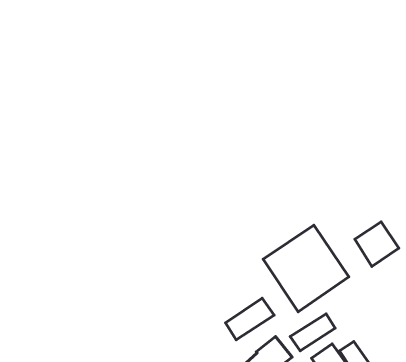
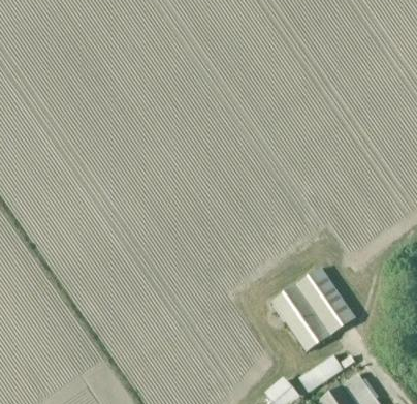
building: [355,222,399,267] -> none
building: [225,298,274,340] -> none

